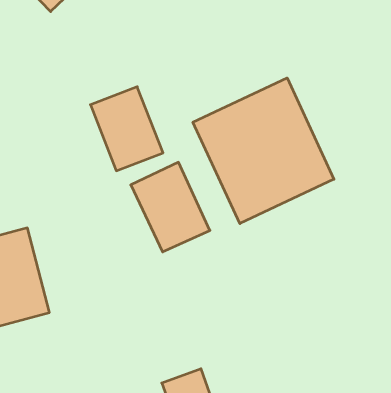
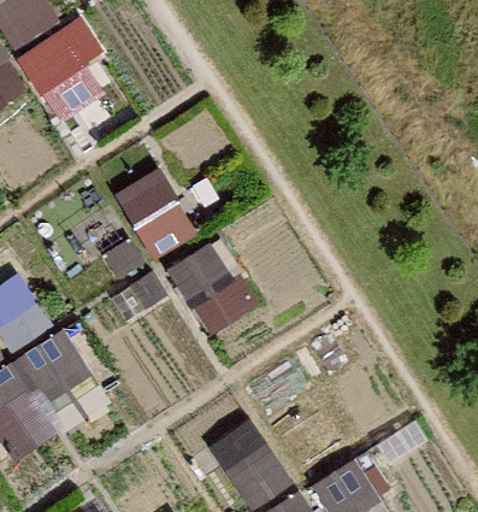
building: [193,78,334,224] -> none

